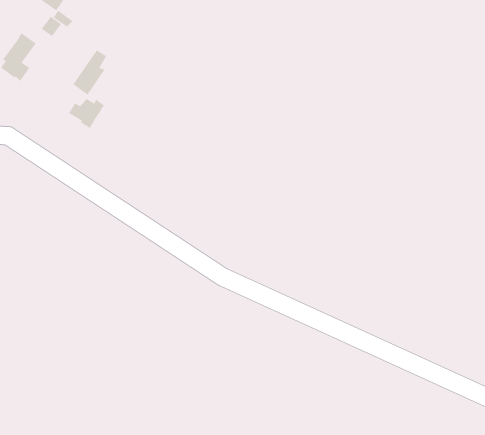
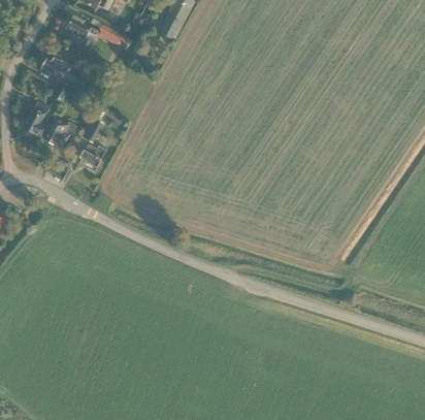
building: none -> [44,117,76,148]

